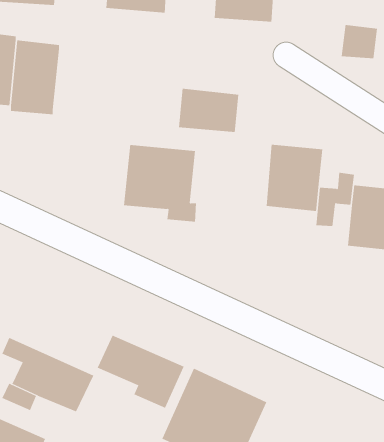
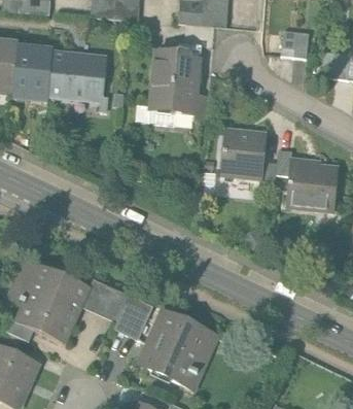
building: none -> [151,49,202,86]
building: [123,145,197,222] -> [47,48,107,111]
building: none -> [11,257,92,313]

